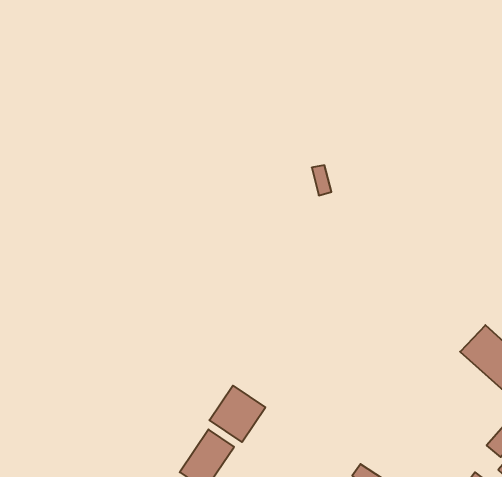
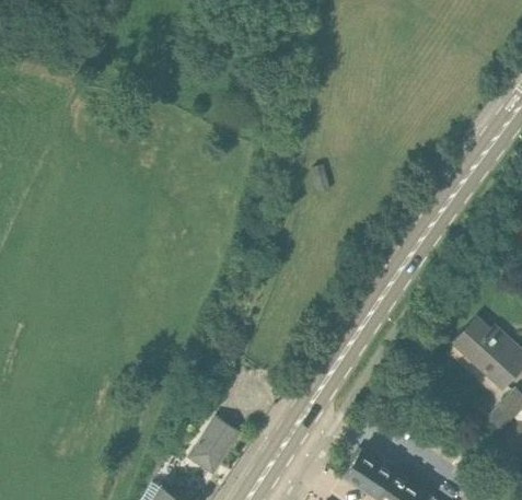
building: [209,386,265,442] -> none

